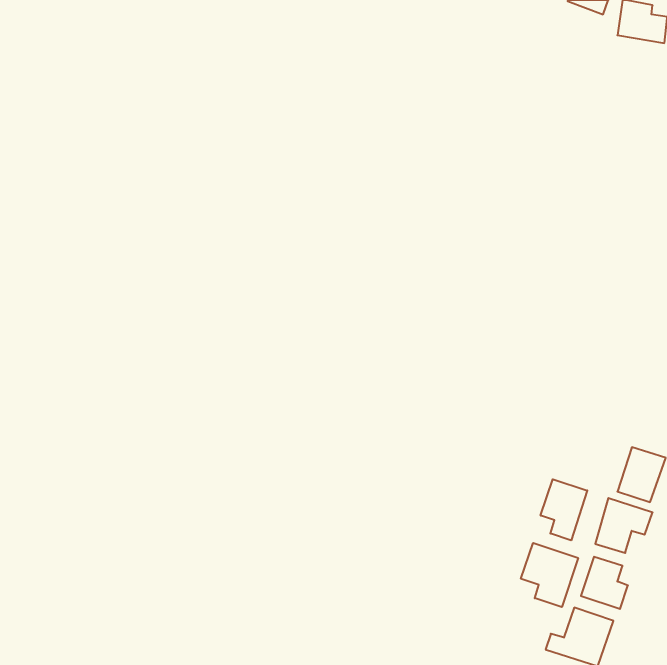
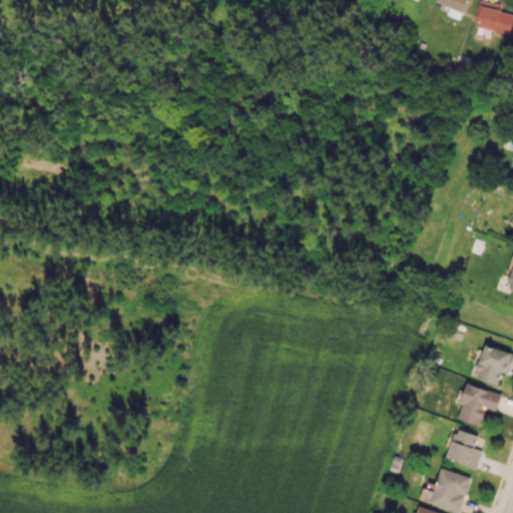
building: [541,479,587,540] -> none
building: [521,543,578,607] -> none

